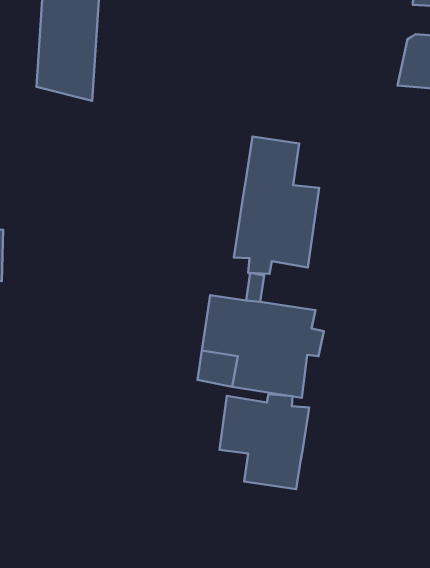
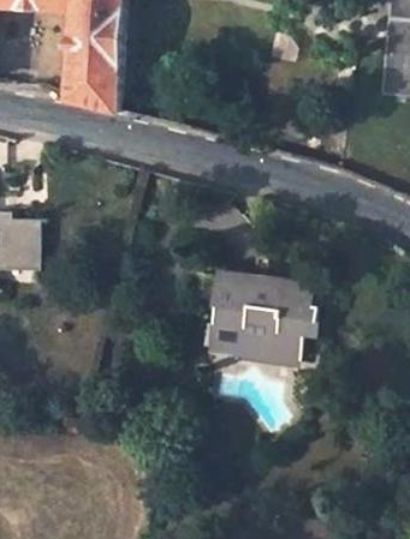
building: [234,137,319,274] -> none
building: [219,394,309,489] -> none

